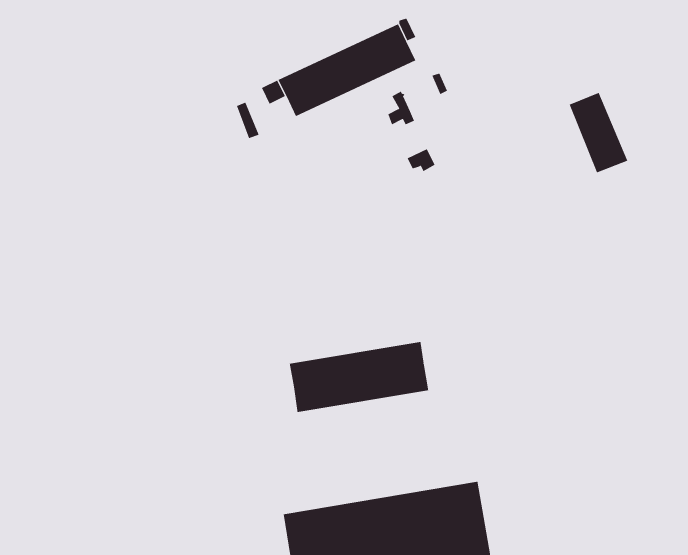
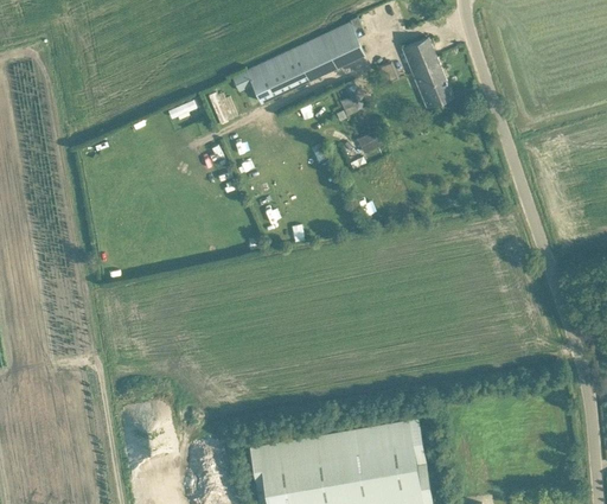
building: [569,92,628,173] -> [401,39,452,109]
building: [289,341,429,413] -> none

